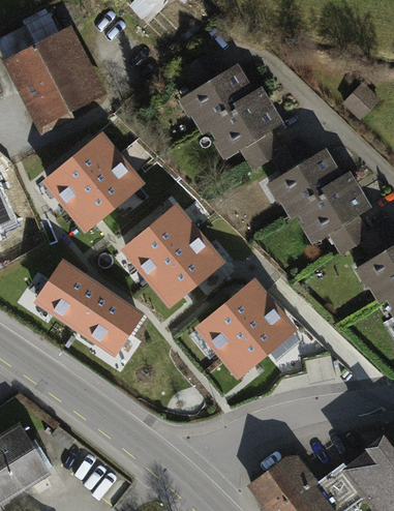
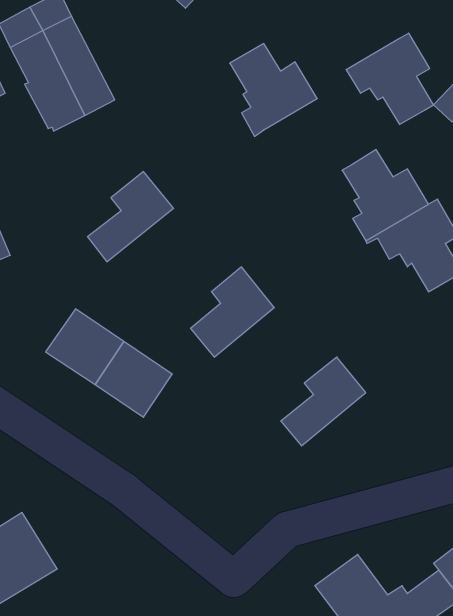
building: [211,94,280,167] -> [346,33,434,125]
building: [49,138,116,208] -> none
building: [126,208,193,280] -> none
building: [201,283,269,354] -> none

